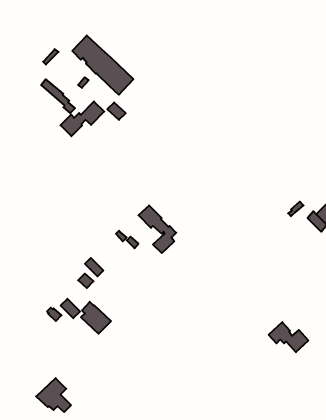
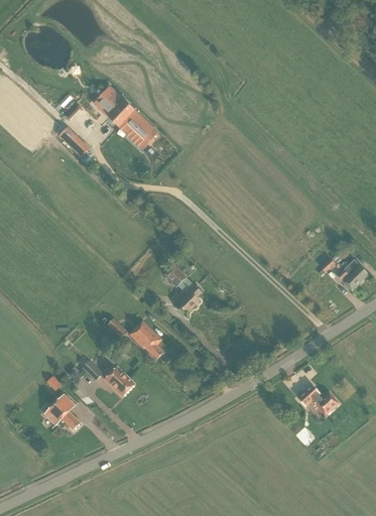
building: [60,101,104,136] -> none
building: none -> [130,320,163,359]
building: [36,378,71,412] -> [43,394,80,429]

